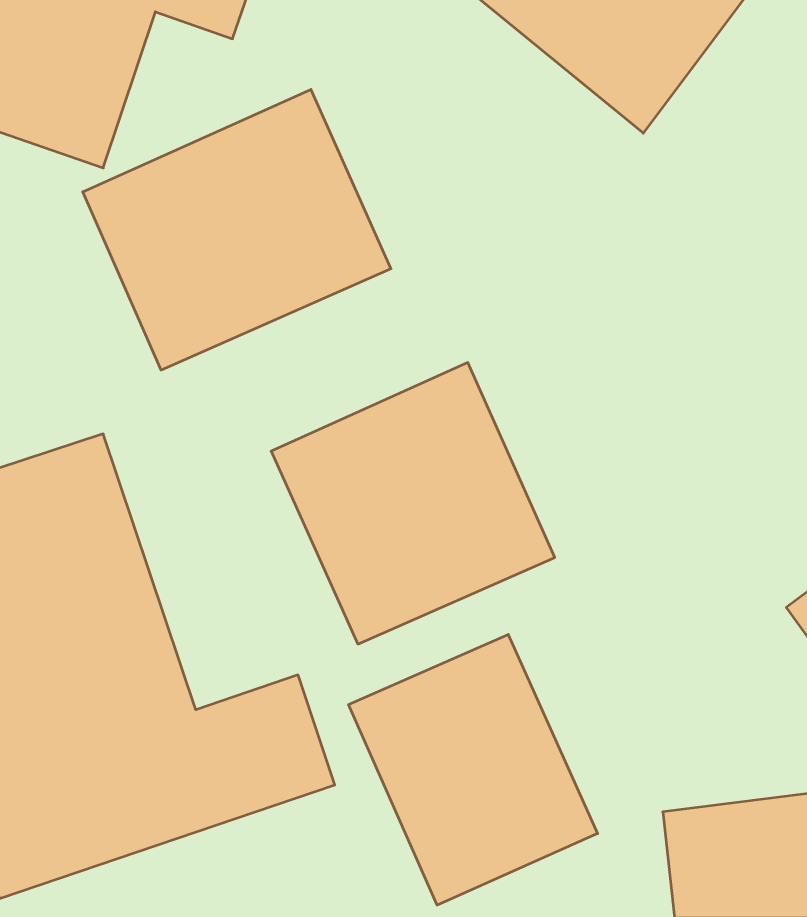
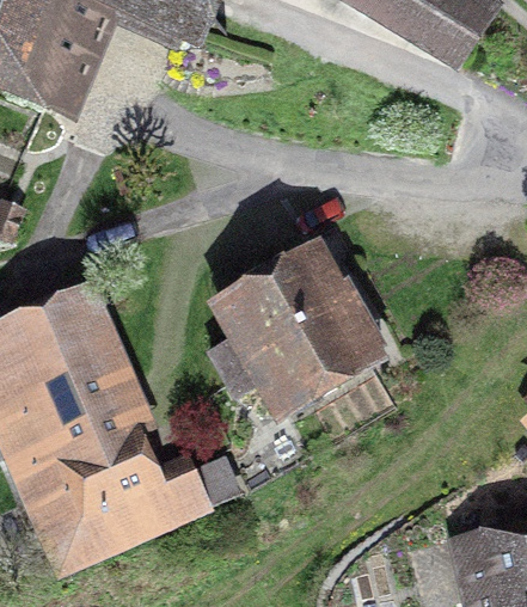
building: [83,89,391,370] -> none
building: [349,634,598,905] -> none

